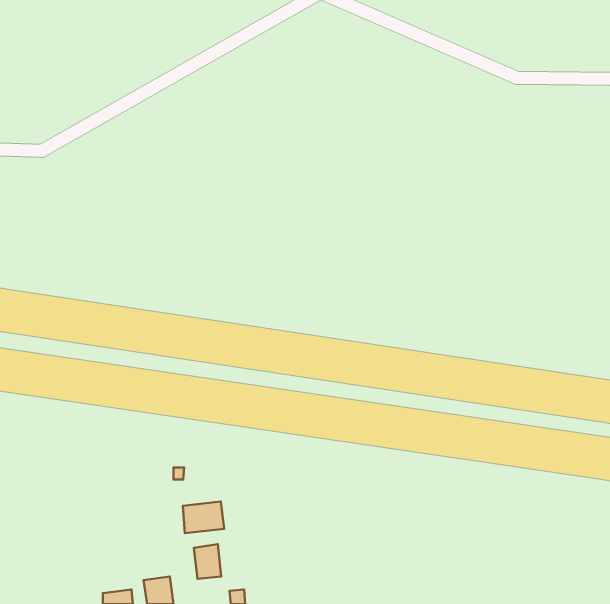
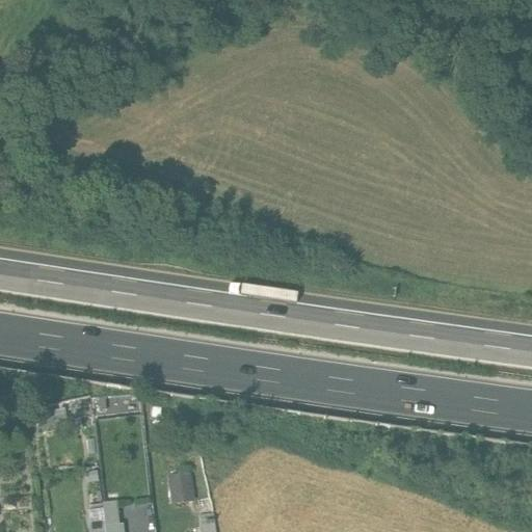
building: [183,502,224,533] -> none

